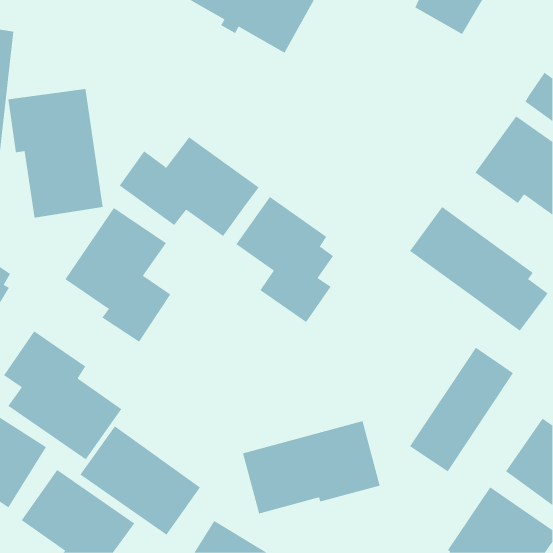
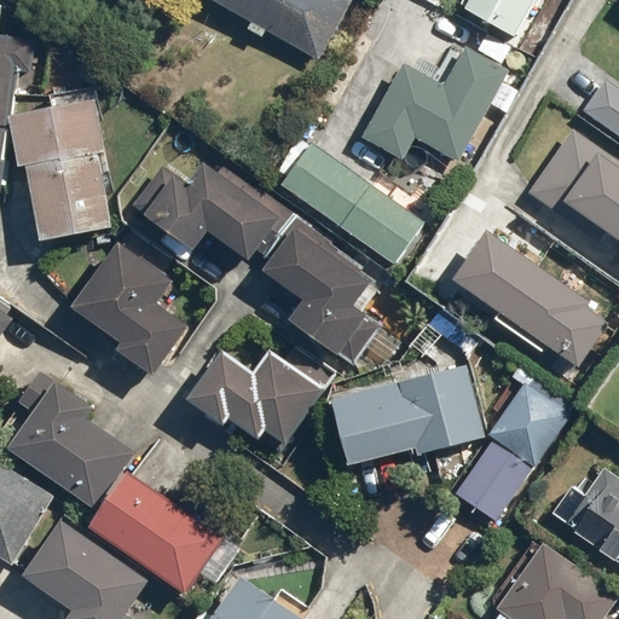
building: none -> [360,40,519,161]
building: none -> [273,134,423,265]
building: none -> [187,351,324,447]
building: [242,420,381,514] -> [330,364,484,468]

